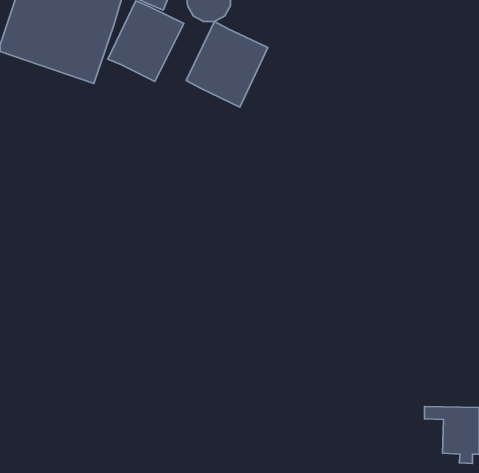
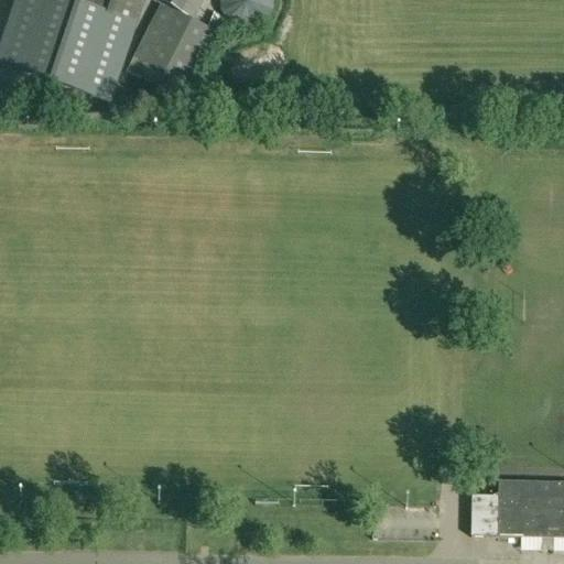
building: [186,22,268,107] -> none
building: none -> [471,492,521,533]

